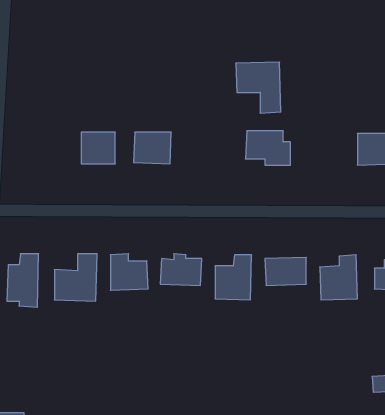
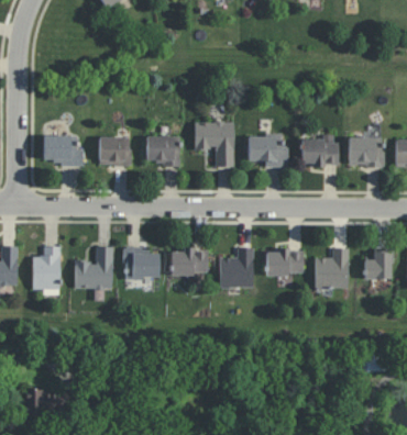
building: [236,62,281,113] -> [194,121,234,167]
building: none -> [301,134,337,165]
building: none -> [43,135,84,164]

